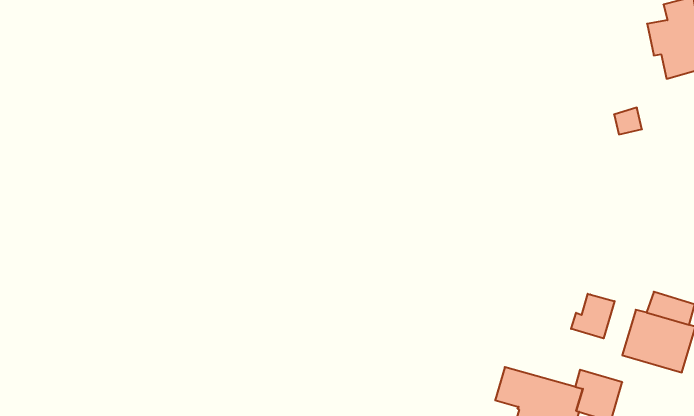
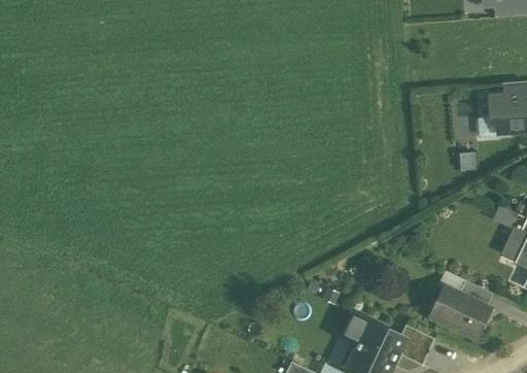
building: [571,294,615,338] -> none

